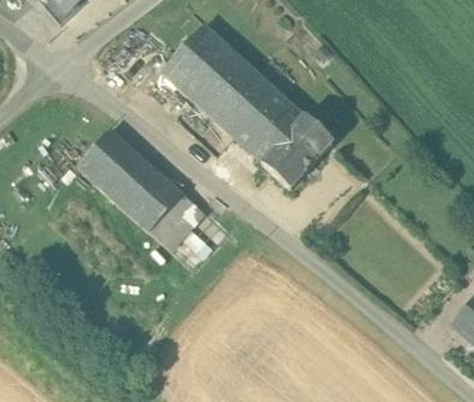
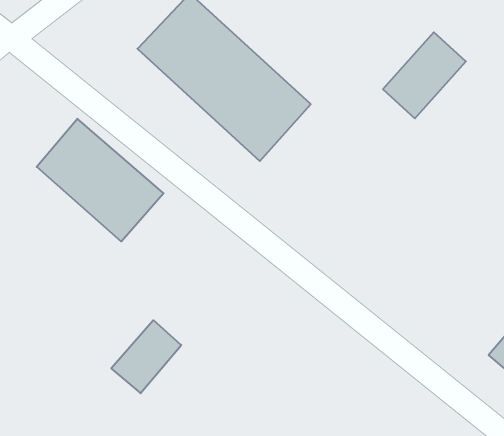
building: [263,118,332,190] -> [383,32,466,118]
building: [148,192,206,252] -> [111,320,181,393]

